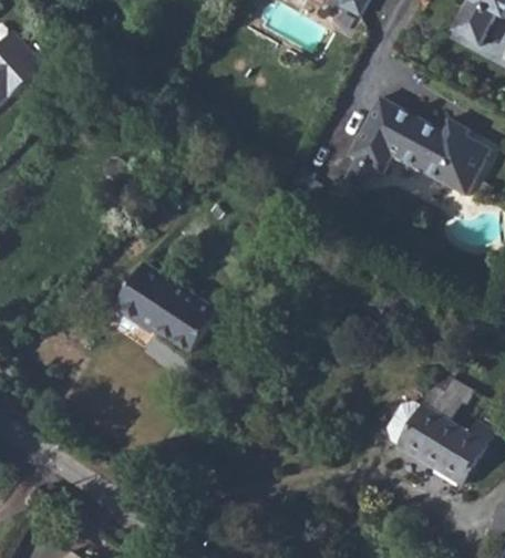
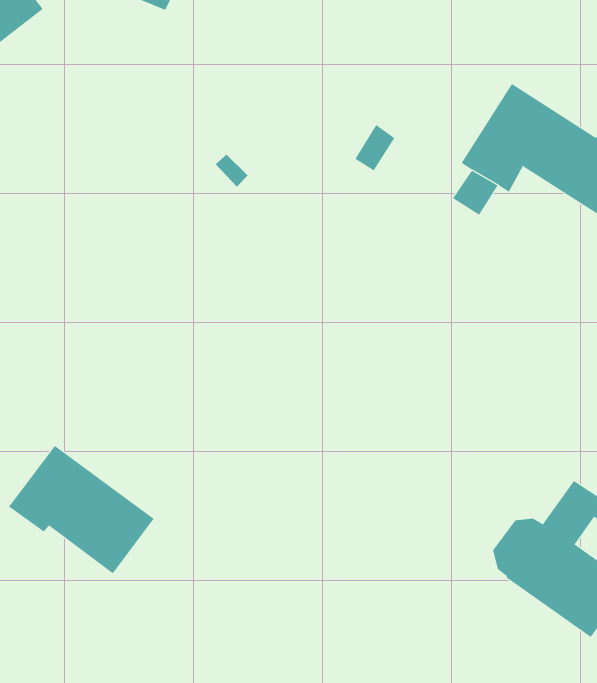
building: [114,264,218,352] -> [8,445,154,574]

